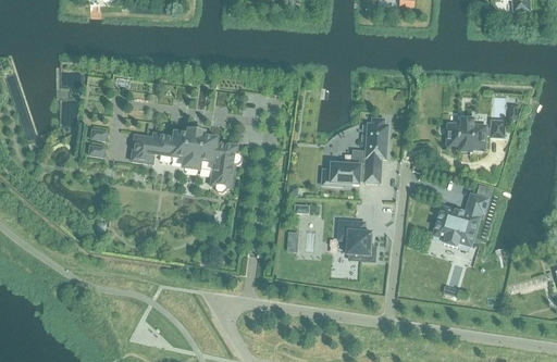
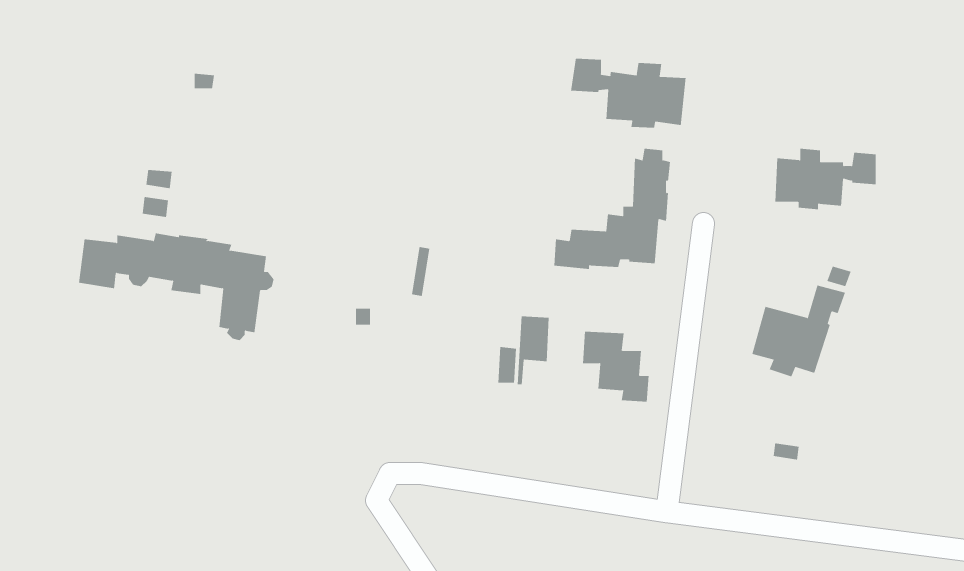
building: none -> [571,58,686,129]
building: [131,130,242,191] -> [78,233,274,341]

